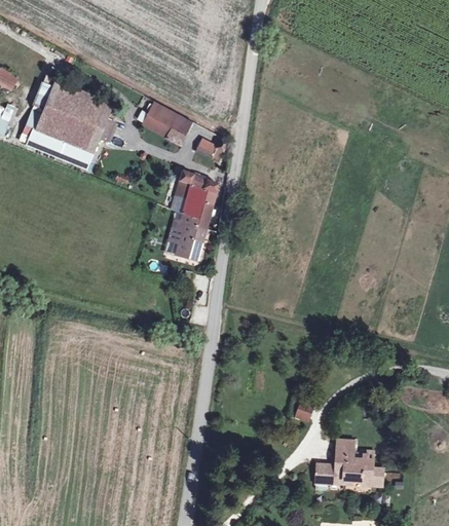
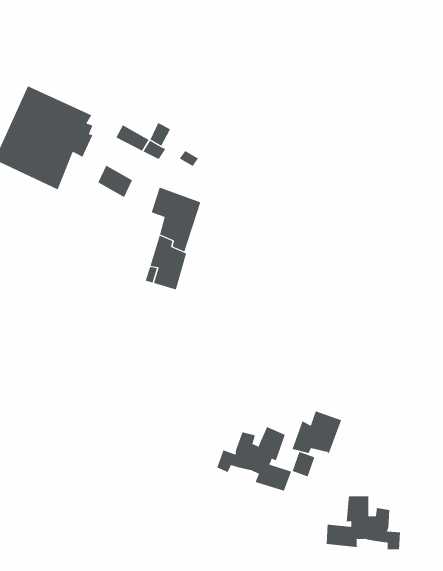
building: [143,99,174,127] -> [98,165,133,198]
building: none -> [292,411,342,454]
building: none -> [217,426,292,492]

